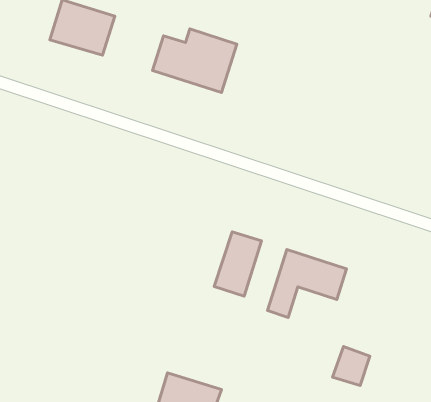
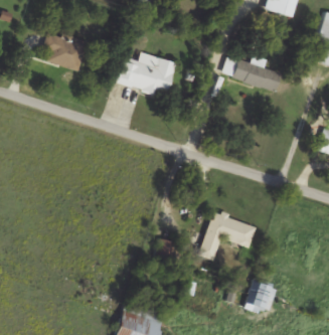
building: none -> [222,57,281,90]
building: [214,232,262,296] -> none

